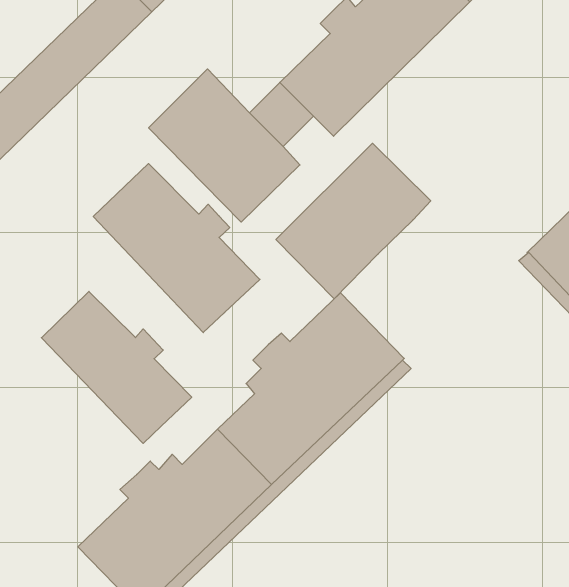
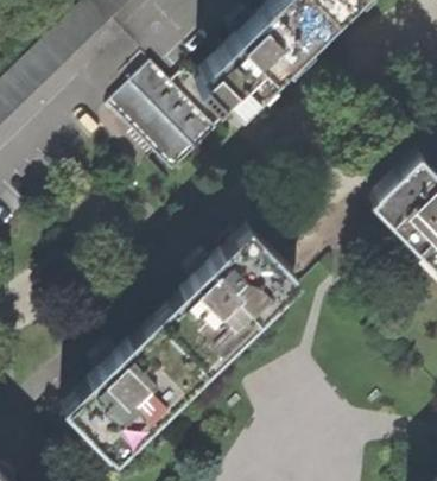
building: [276,143,431,299] -> none
building: [93,164,260,333] -> none
building: [41,291,192,443] -> none

